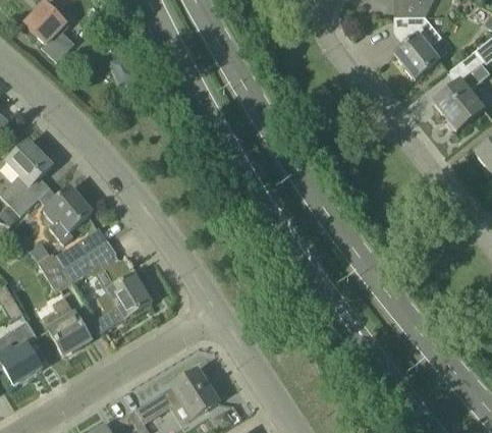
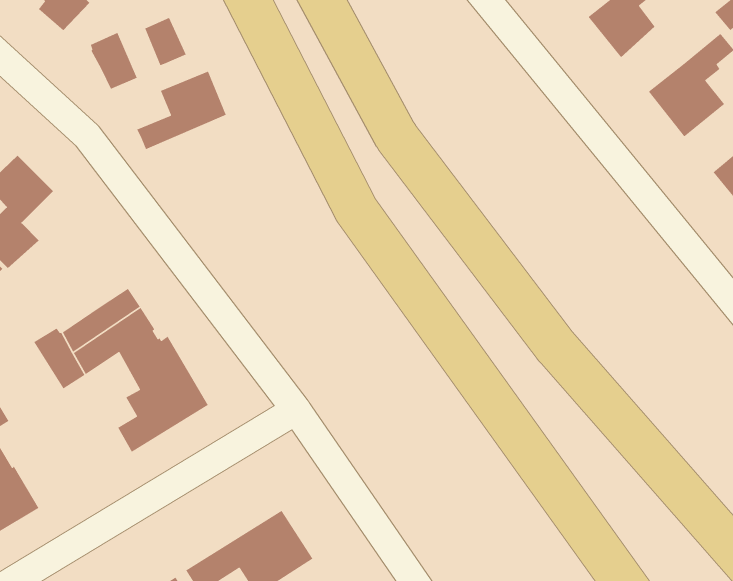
building: none -> [90,32,138,90]
building: none -> [136,70,227,150]
building: [43,185,92,242] -> none
building: [48,295,91,355] -> none

